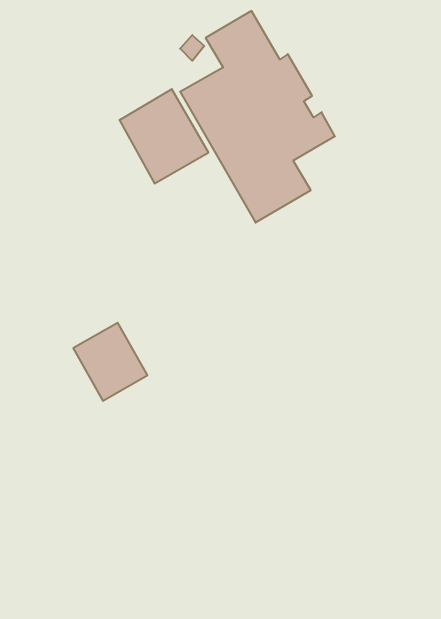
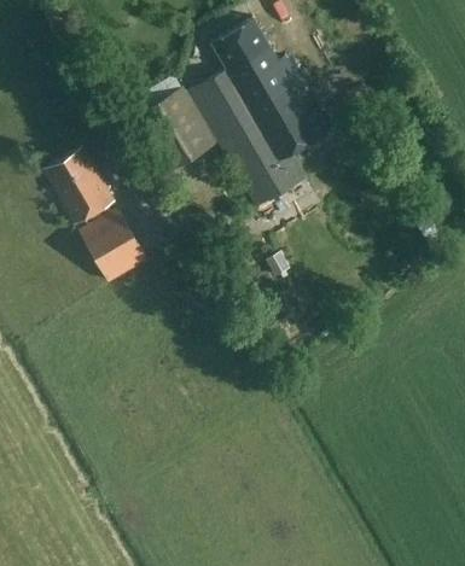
building: none -> [46,146,116,223]
building: [73,323,147,401] -> [83,211,150,281]

